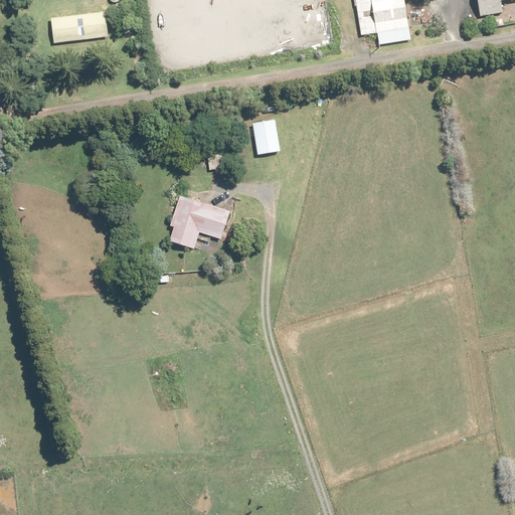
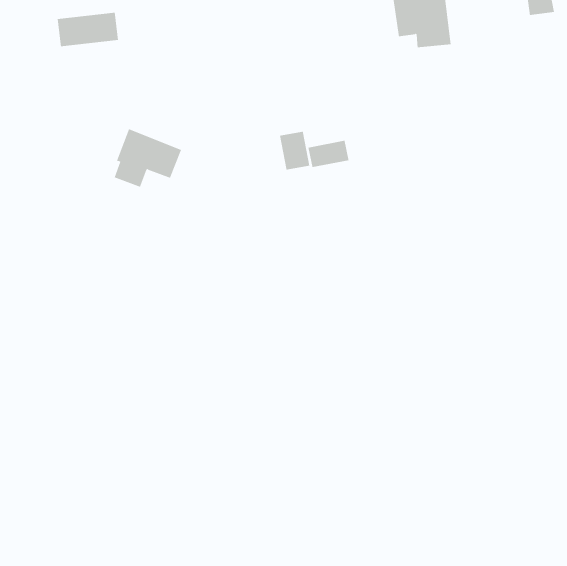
building: none -> [308,140,349,168]
building: [169,194,230,247] -> [114,129,182,188]

